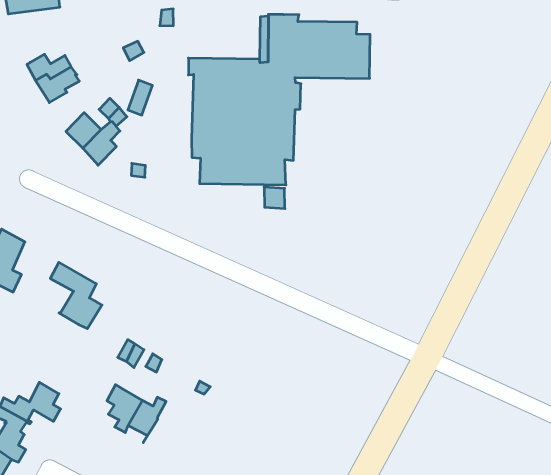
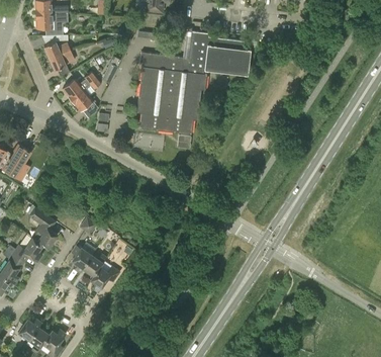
building: none -> [35,14,68,35]
building: [50,262,102,329] -> [28,207,58,249]
building: none -> [90,266,119,292]

